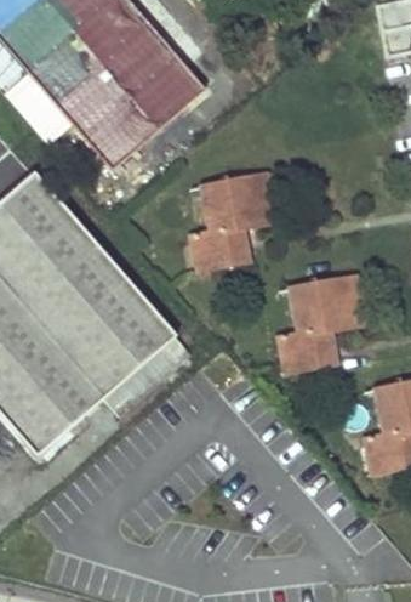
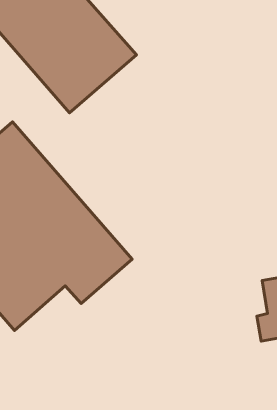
building: [196,172,278,263] -> none
building: [282,276,369,373] -> none

